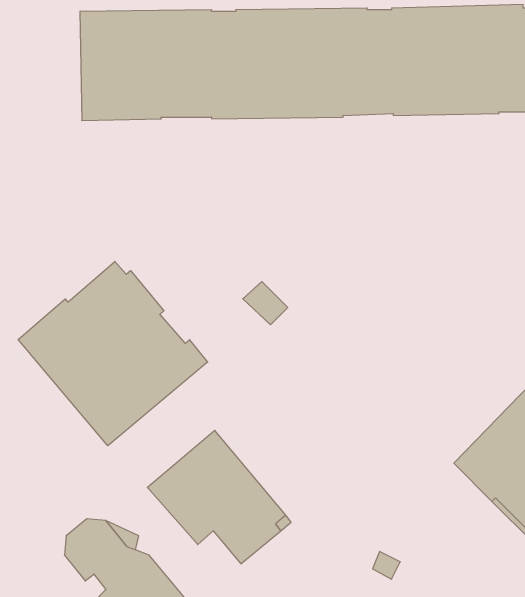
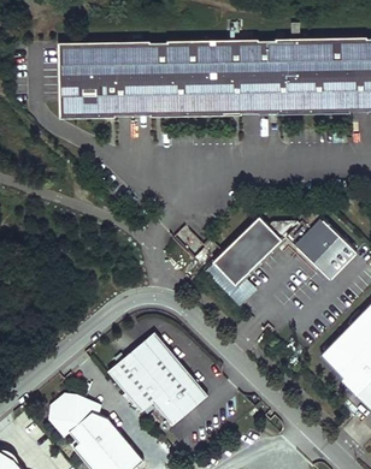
building: [18,261,208,446] -> none
building: none -> [211,218,278,286]
building: none -> [287,221,357,280]

